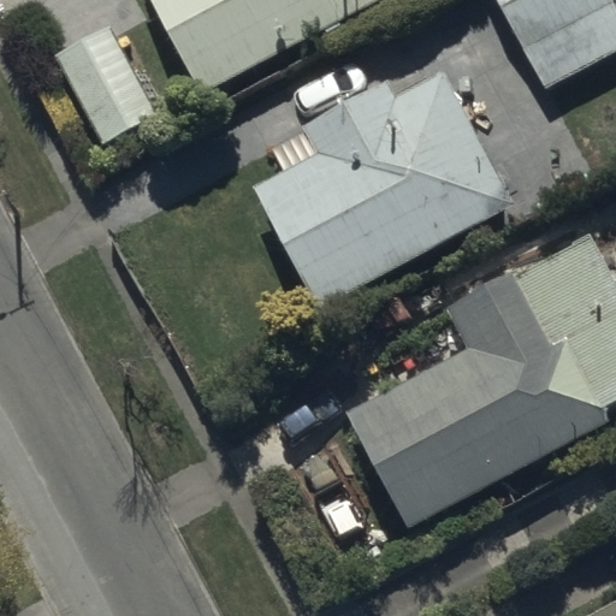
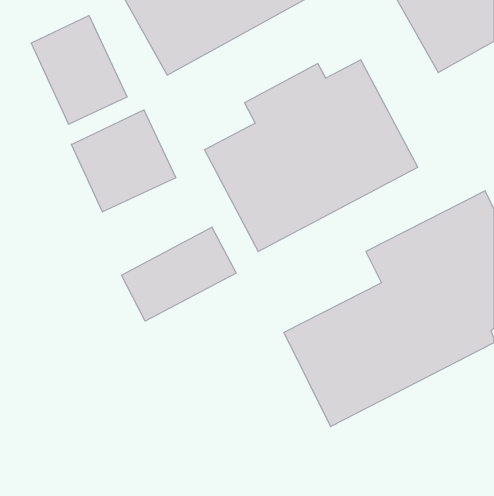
building: none -> [71,110,176,212]
building: none -> [122,227,236,321]

